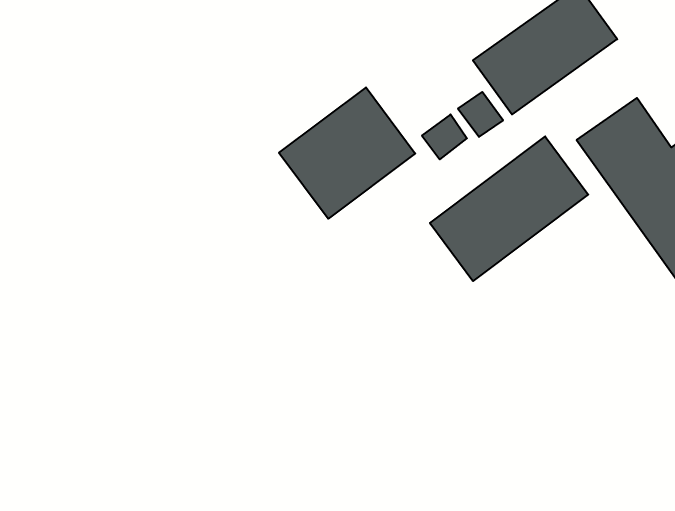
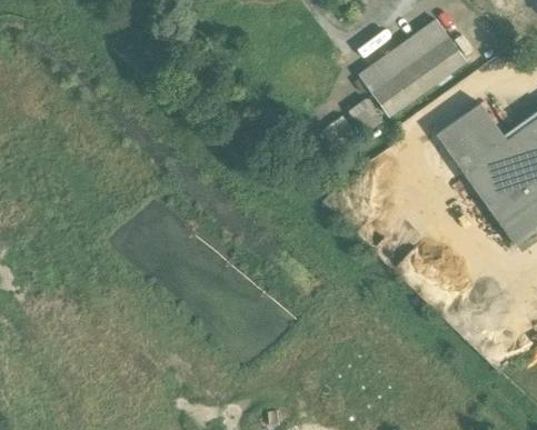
building: [279,87,415,219] -> none
building: [430,136,588,281] -> none

